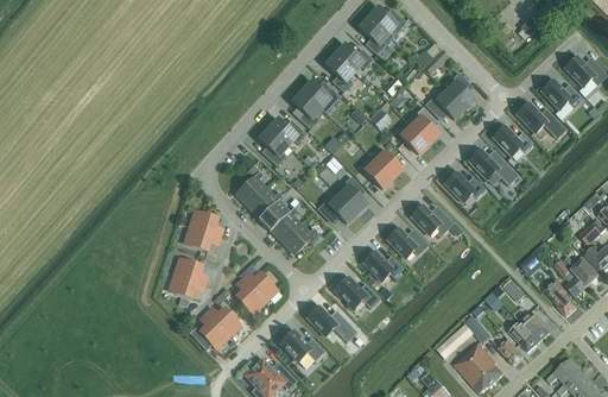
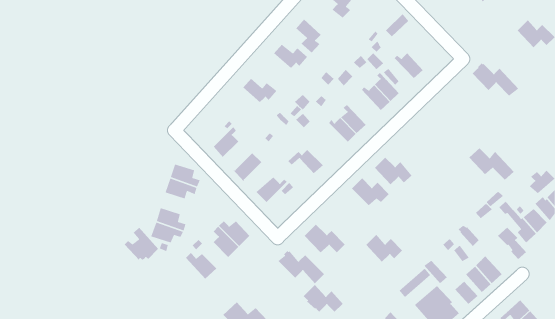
building: [335,44,373,71] -> none
building: [446,71,474,109] -> none
building: [542,78,582,108] -> none
building: [292,92,321,128] -> none
building: [493,125,533,155] -> none
building: [259,128,287,165] -> none
building: [469,149,519,184] -> [469,148,515,181]
building: [445,171,486,201] -> none
building: [338,176,367,213] -> none
building: [247,187,283,218] -> none
building: [271,206,302,241] -> none
building: [363,250,404,281] -> [366,234,403,262]
building: [190,313,228,349] -> [124,227,159,261]
building: [280,329,324,360] -> [303,284,343,313]

